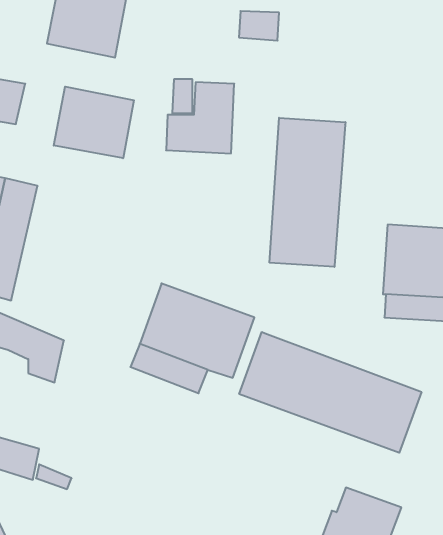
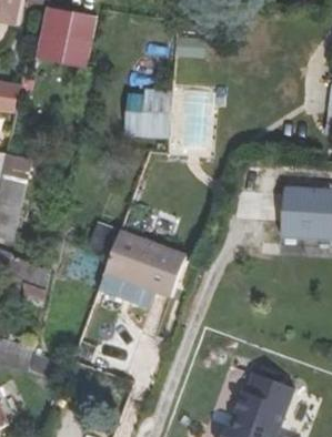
building: [54,87,134,158] -> none
building: [270,118,345,267] -> none
building: [239,332,421,453] -> none

